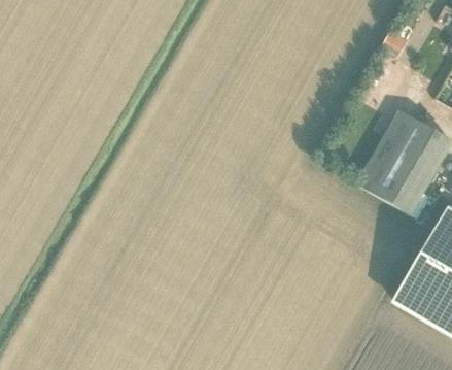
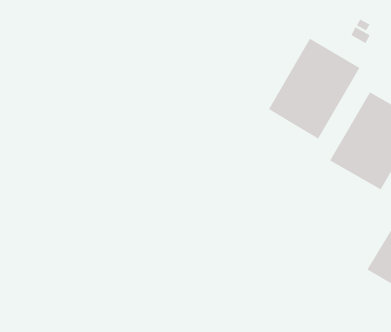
building: none -> [268,38,360,139]

